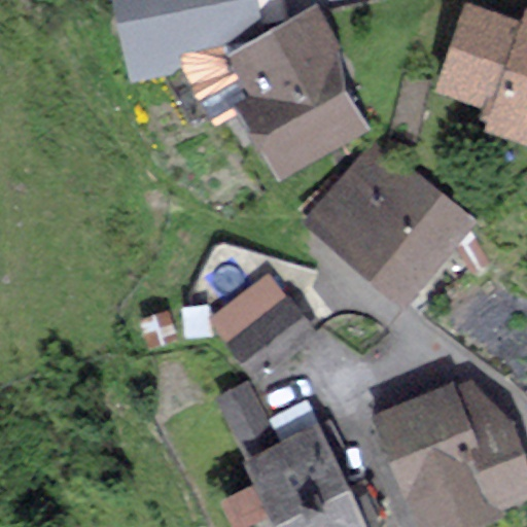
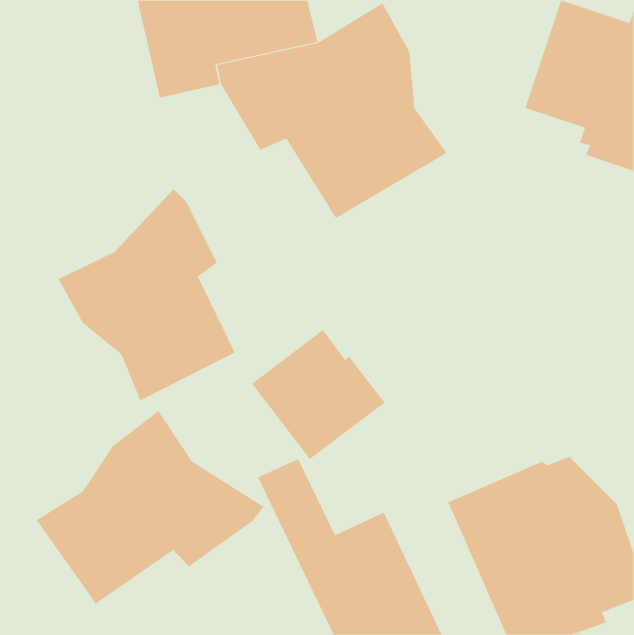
building: [304,136,490,306] -> none
building: none -> [58,189,235,401]
building: none -> [36,410,264,605]

